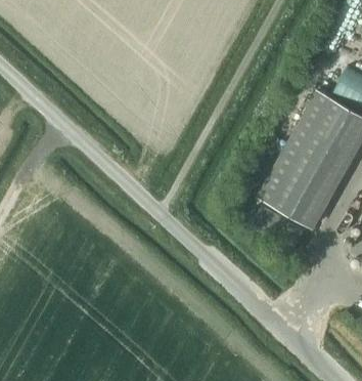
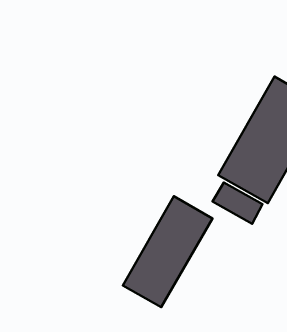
building: none -> [123,196,212,307]

